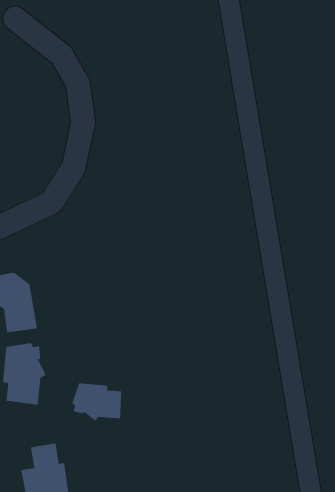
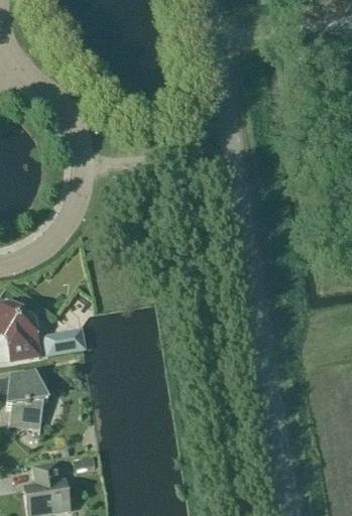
building: none -> [45,332,85,356]
building: [72,383,125,421] -> none

